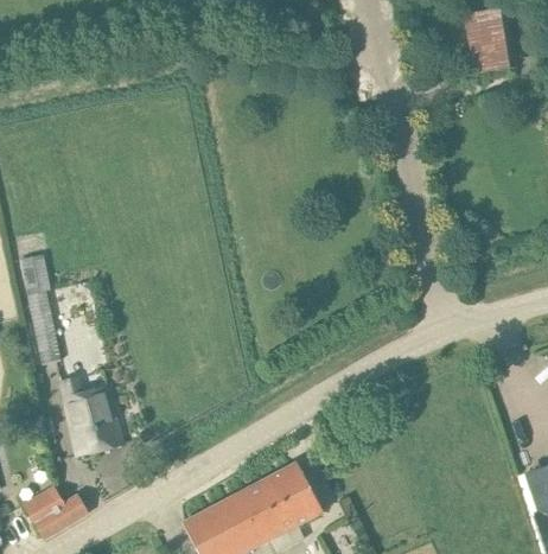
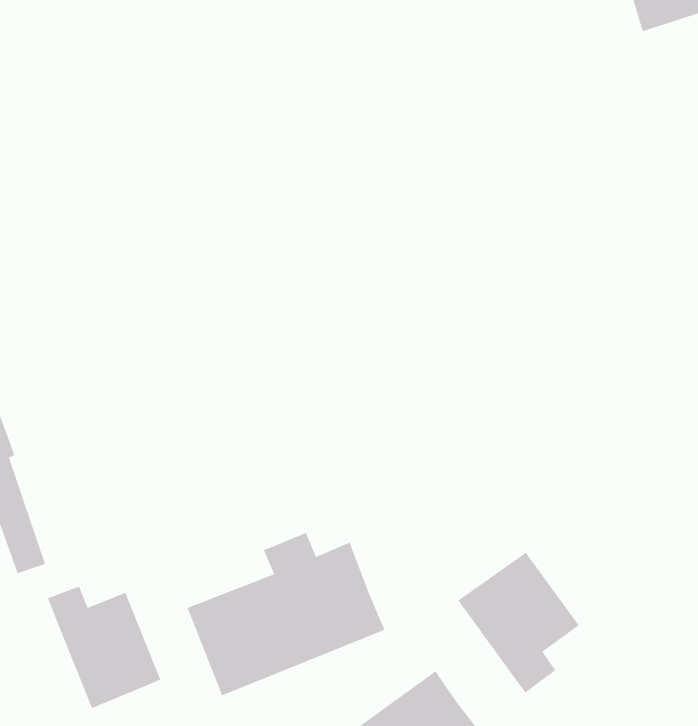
building: none -> [187,532,385,696]
building: none -> [458,552,579,693]

